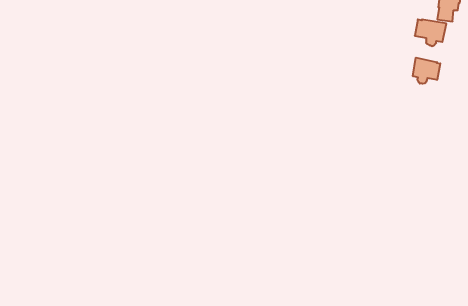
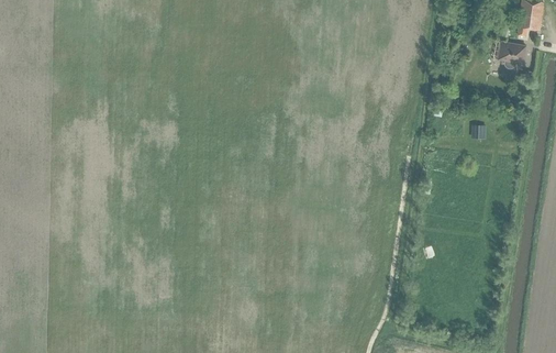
building: [413,58,440,84] -> none

